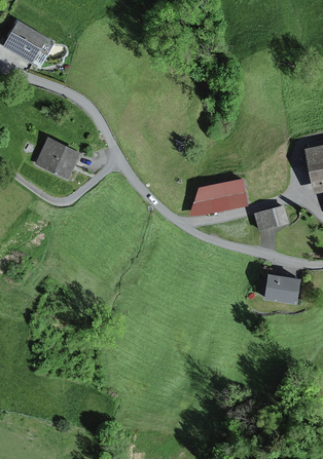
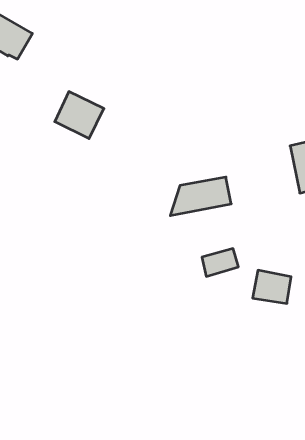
building: [36,133,83,179] -> [55,92,104,139]
building: [253,206,288,233] -> [202,249,238,276]

